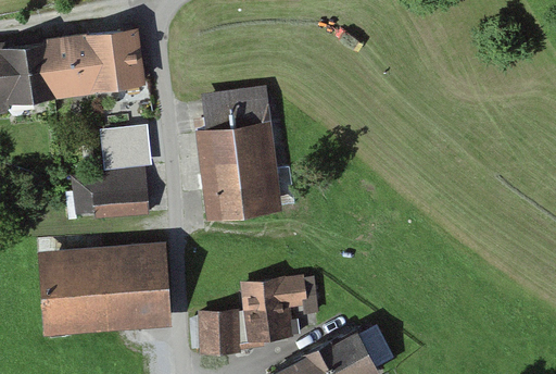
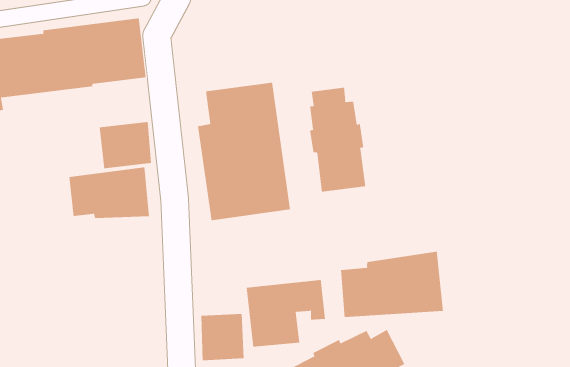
building: none -> [310,87,366,193]
building: [37,242,170,335] -> none
building: none -> [340,251,443,318]

